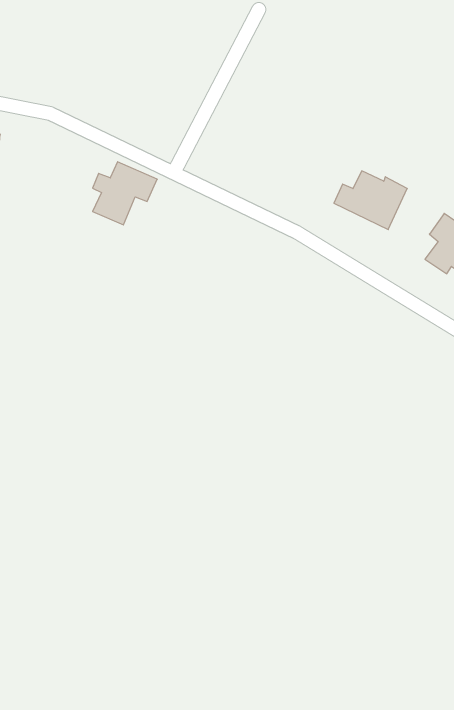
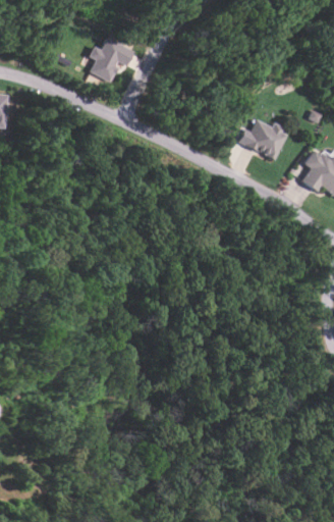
building: [93,162,157,225] -> [88,38,132,82]

